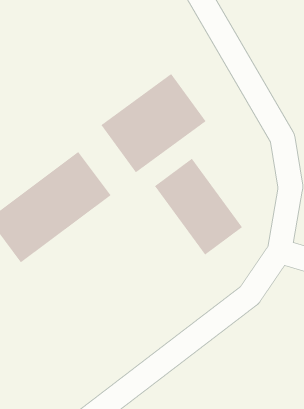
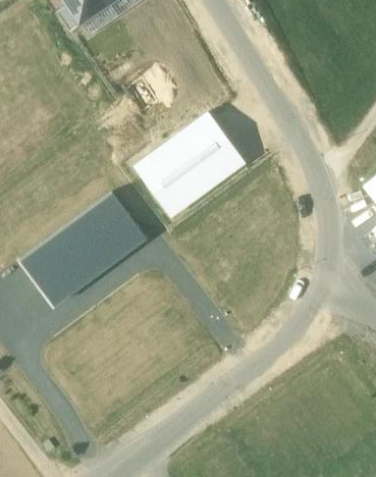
building: [154,158,243,255] -> none

